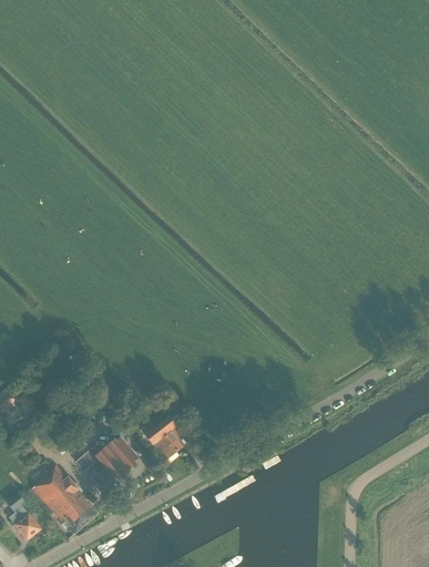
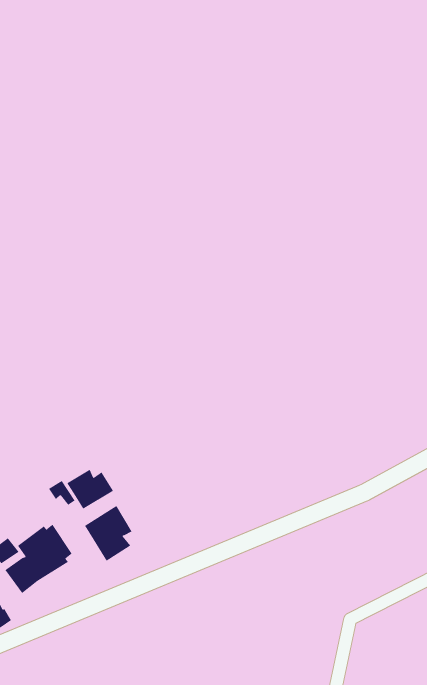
building: none -> [67,469,114,509]

